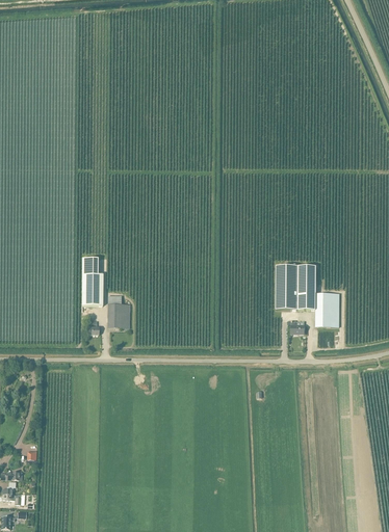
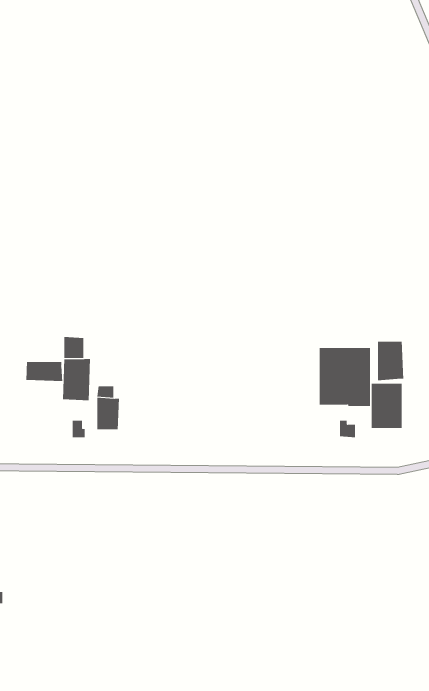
building: none -> [377,341,404,381]
building: none -> [26,361,63,382]

